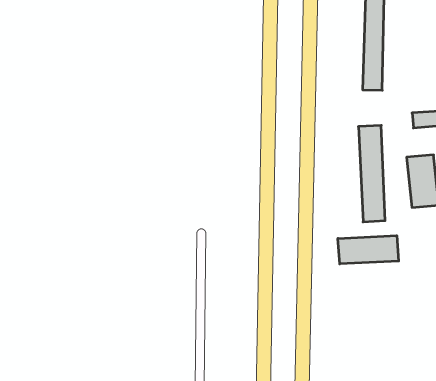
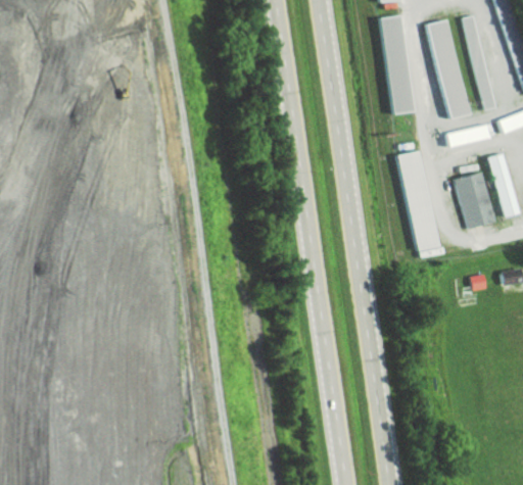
building: none -> [428,21,469,119]
building: [338,236,399,264] -> none

